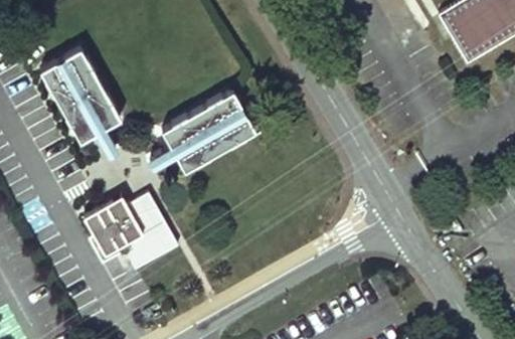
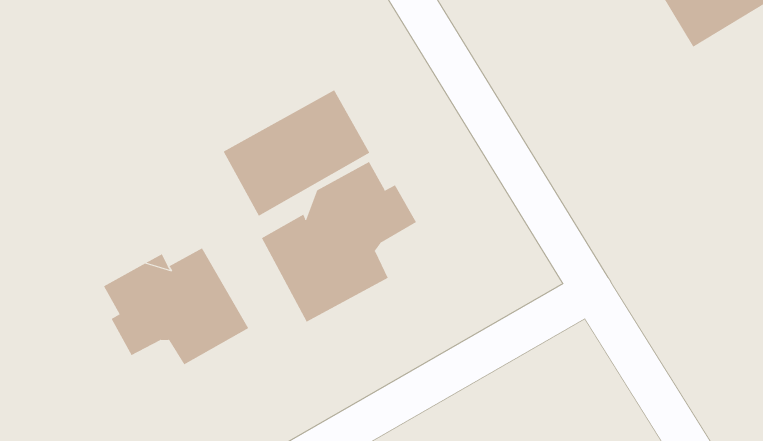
building: [40,48,122,143] -> none
building: none -> [261,161,417,323]

